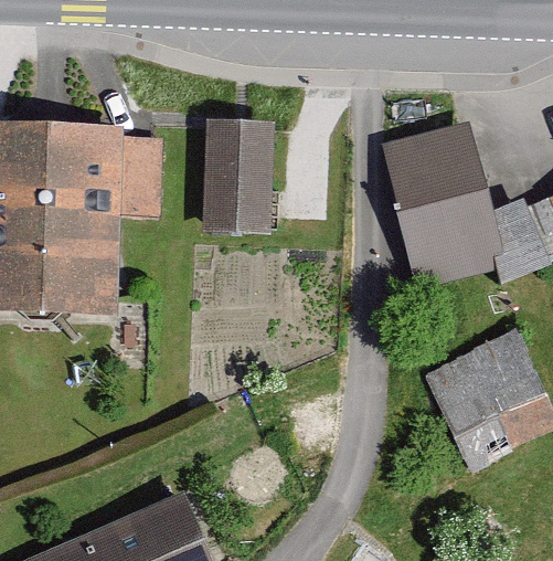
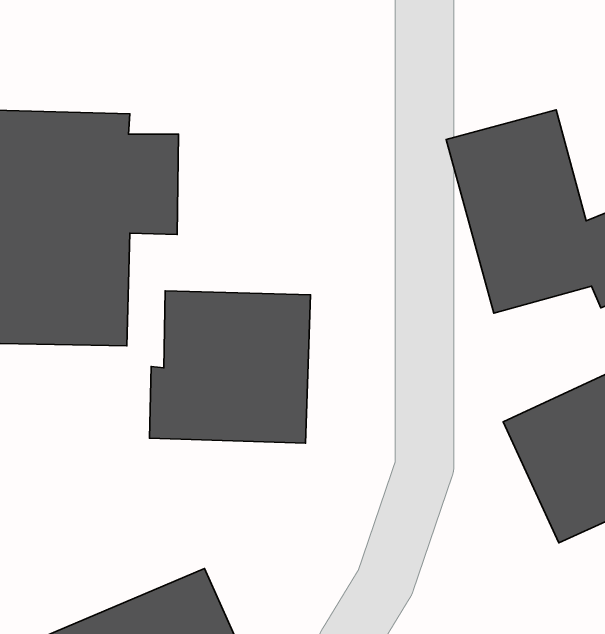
building: [203,119,273,230] -> none
building: none -> [150,291,310,443]

